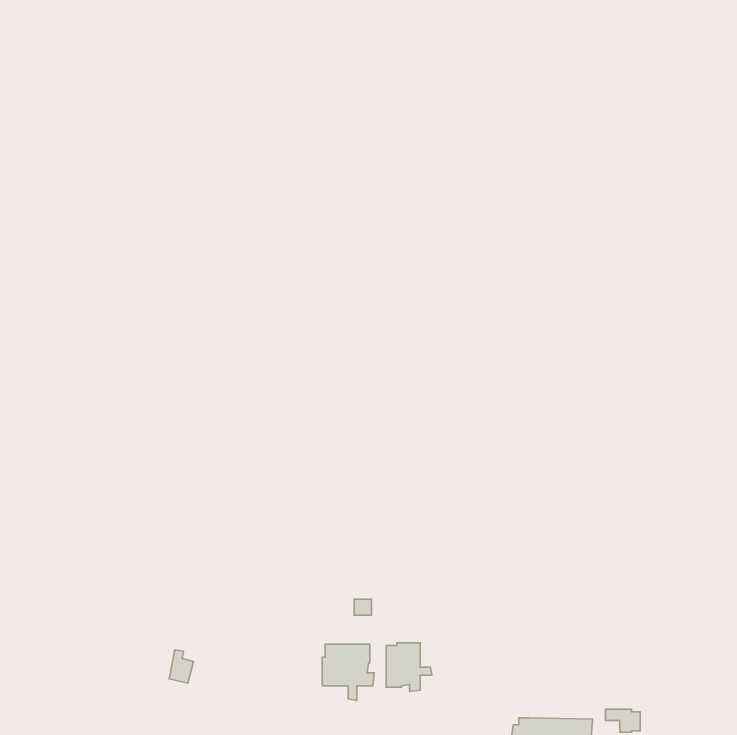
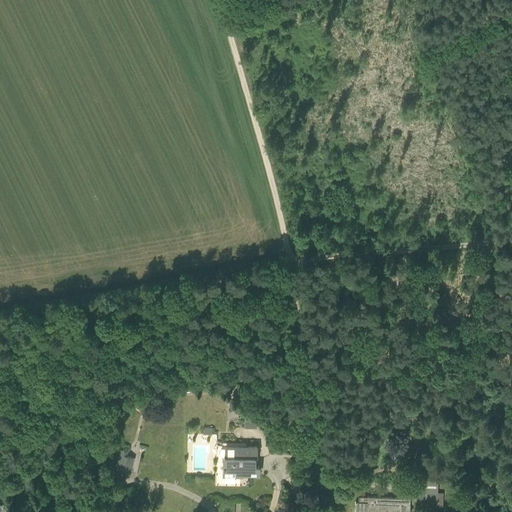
building: [386,643,432,691] -> none

